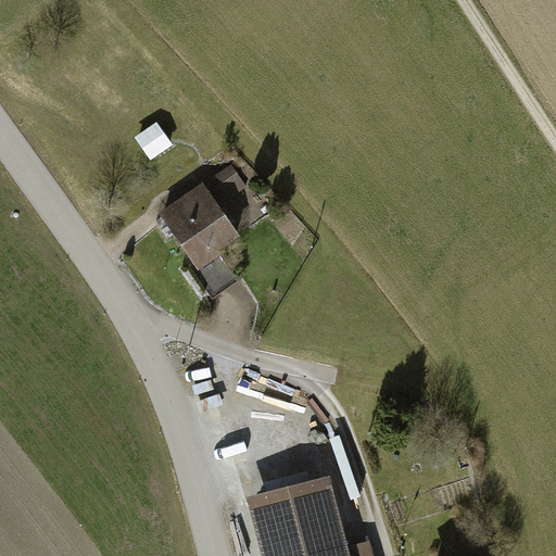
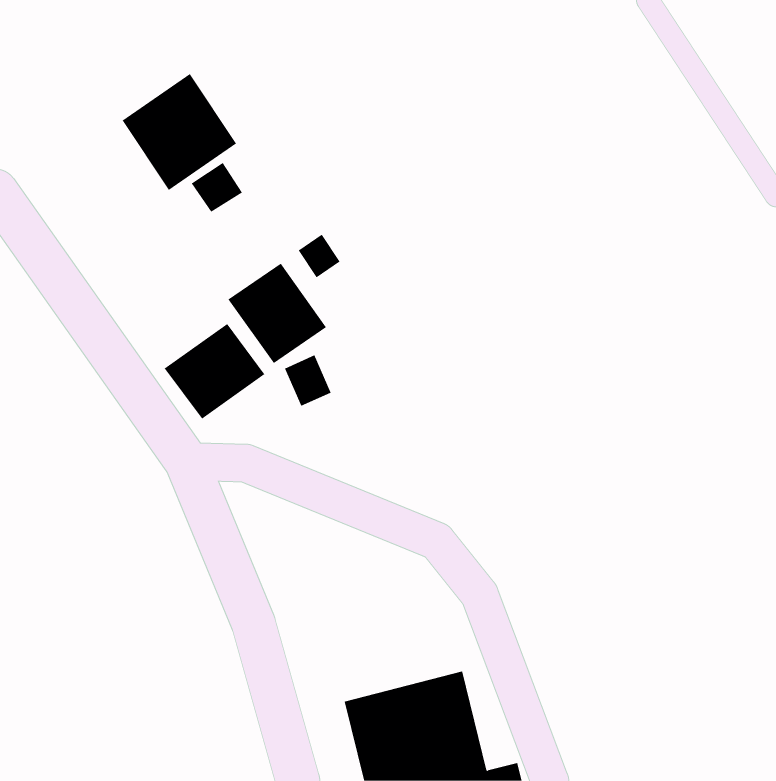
building: none -> [122,73,237,191]
building: none -> [164,323,265,420]

